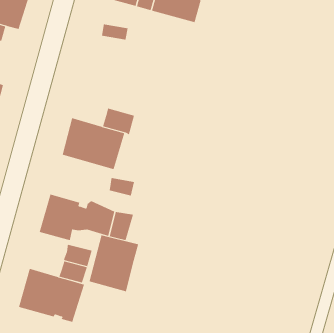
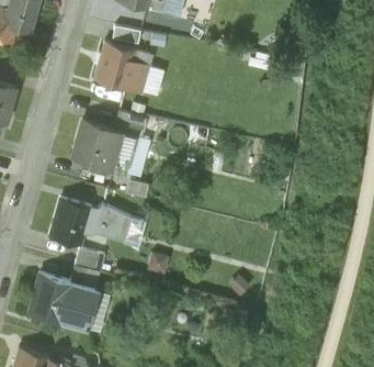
building: none -> [94,42,151,93]
building: [89,234,139,292] -> none

